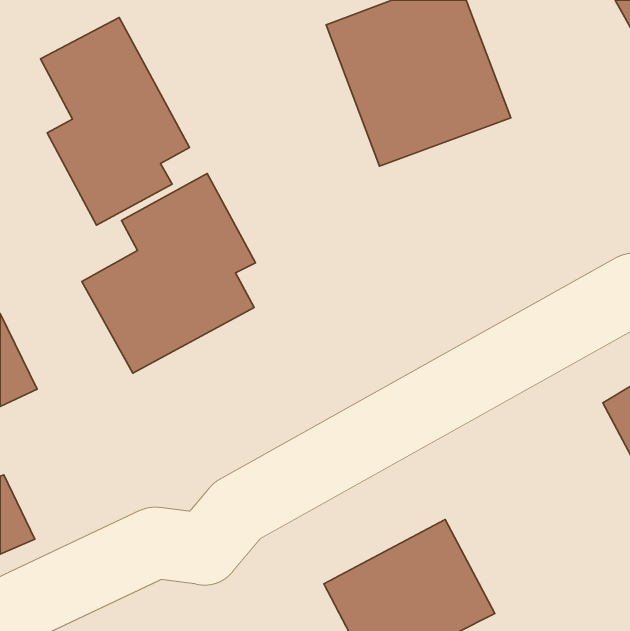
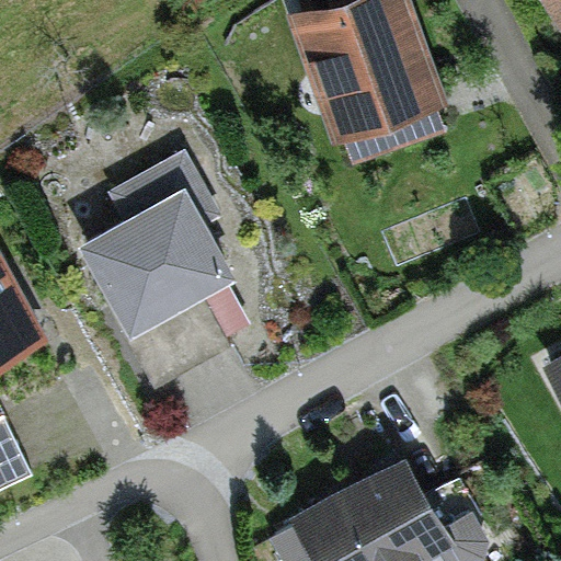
building: [40,18,190,225] -> none

